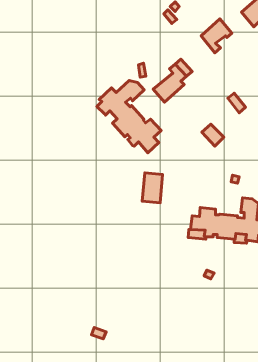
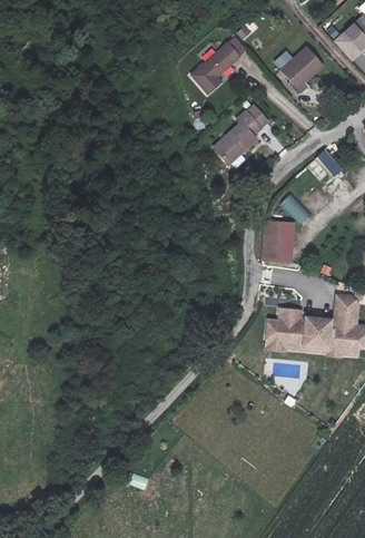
building: none -> [191,43,238,94]
building: [97,80,161,153] -> none
building: [142,173,163,203] -> [265,221,293,262]

